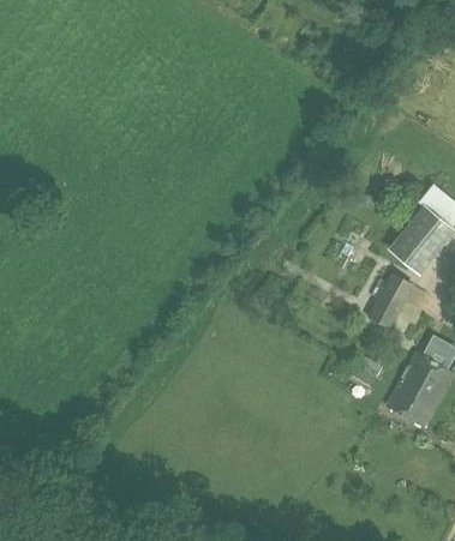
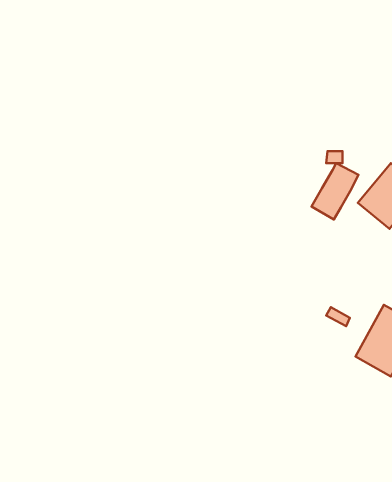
building: [366,271,414,329] -> [311,163,358,219]

